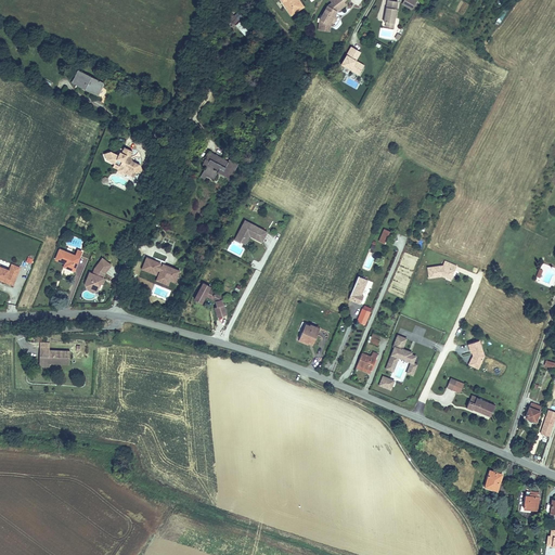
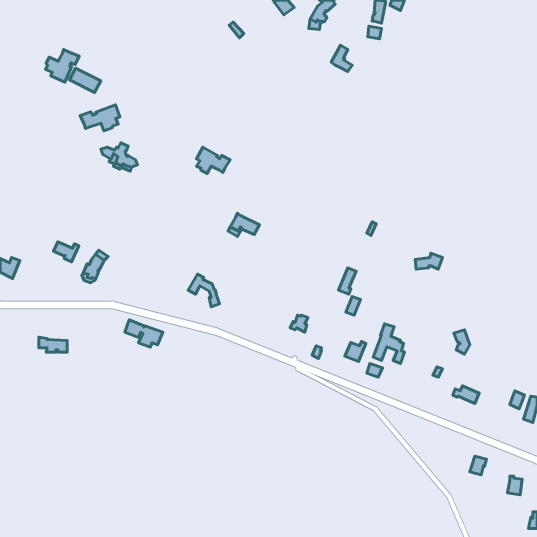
building: none -> [46,49,79,82]
building: none -> [80,105,120,131]
building: [142,258,181,286] -> [125,320,163,347]

